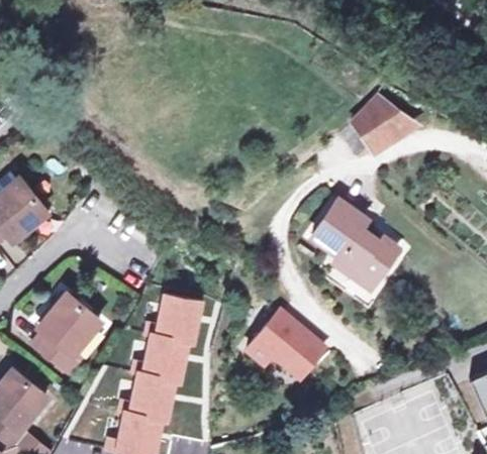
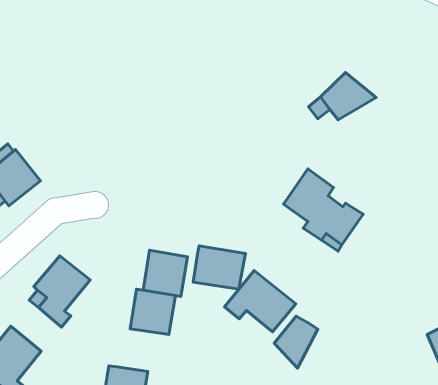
building: none -> [193,246,245,289]
building: none -> [274,316,318,368]
building: [129,372,179,423] -> none

